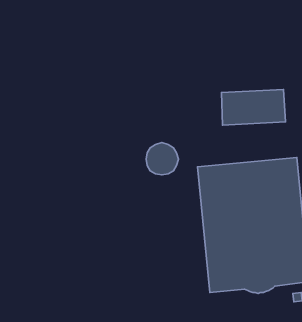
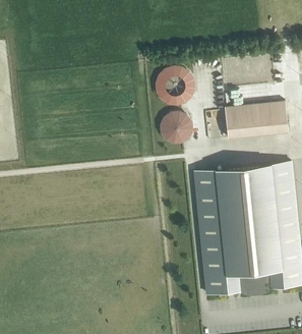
building: none -> [156,67,193,105]
building: [146,143,179,175] -> [161,112,192,144]

